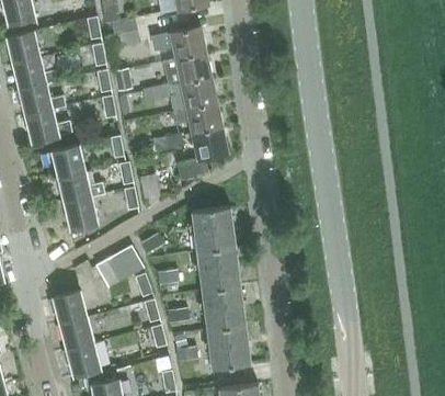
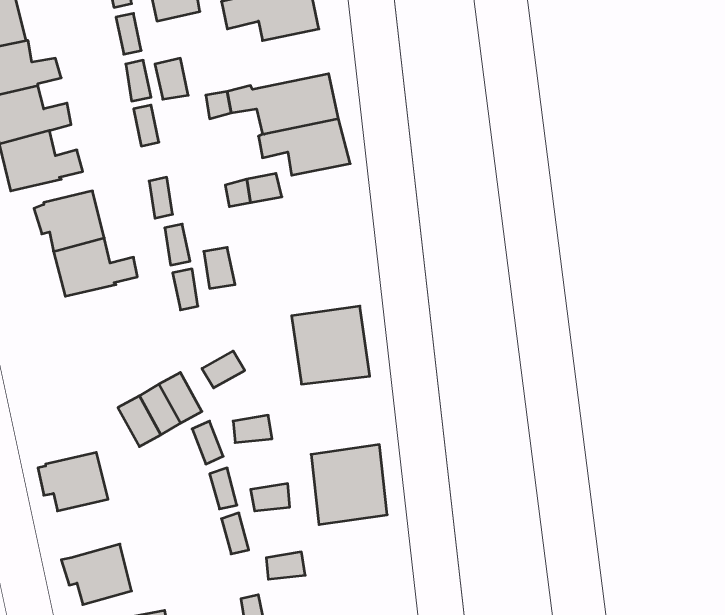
building: [163,52,212,86] -> none
building: [178,127,229,180] -> none
building: [64,195,98,236] -> none
building: [196,247,240,291] -> none
building: [59,316,94,349] -> none
building: [206,325,250,370] -> none

